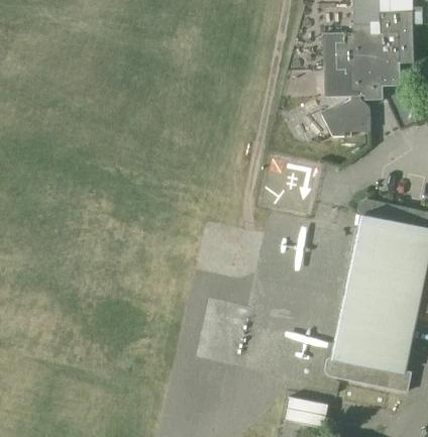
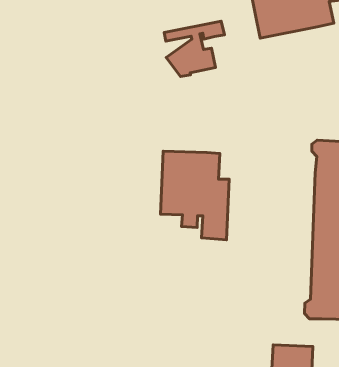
building: [322,86,384,134] -> [164,21,225,76]
building: none -> [160,151,229,240]

